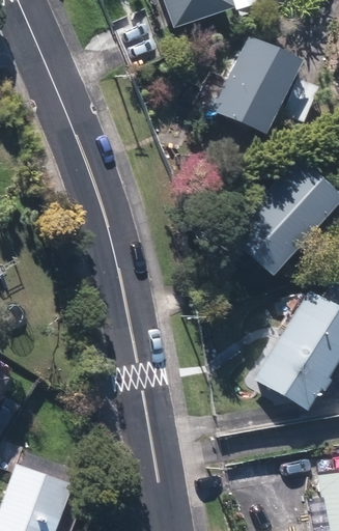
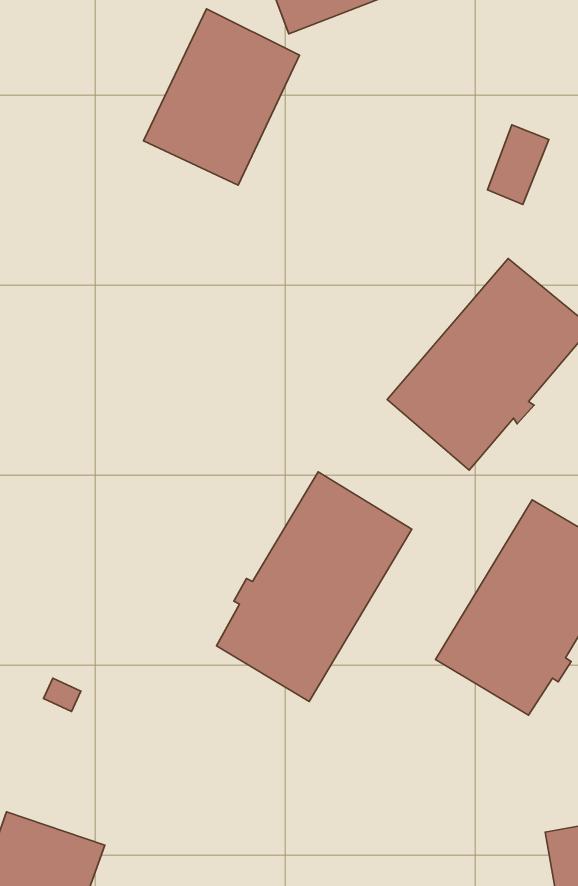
building: [214,34,301,133] -> [143,9,299,185]
building: none -> [216,472,412,701]

